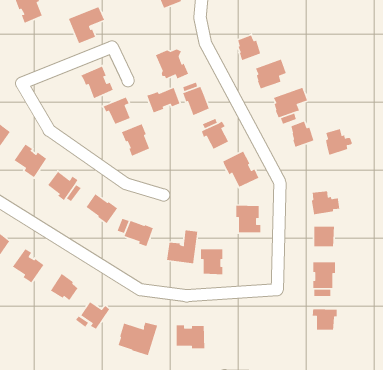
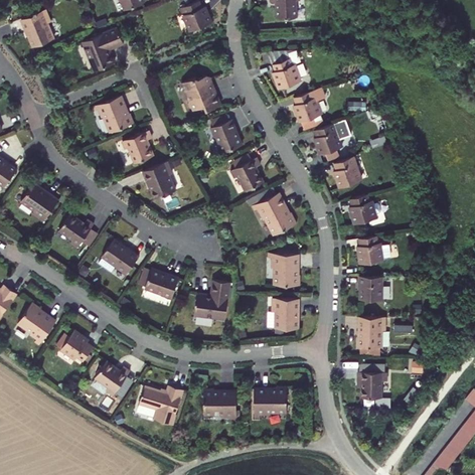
building: [146,87,180,114] -> none
building: [325,128,353,156] -> [348,195,379,226]
building: [200,248,223,275] -> [272,300,298,330]
building: none -> [254,386,286,416]

